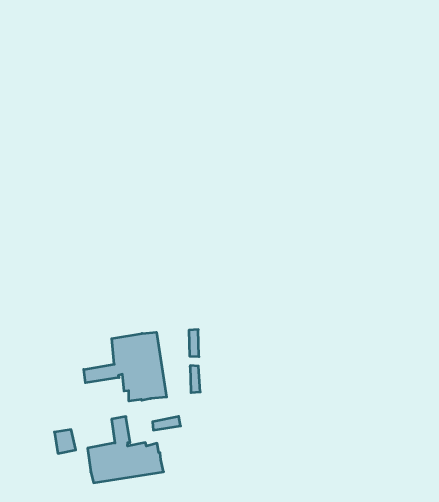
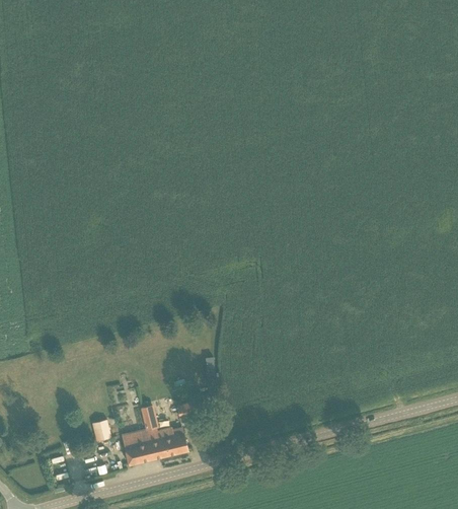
building: [84,332,167,401] -> none

